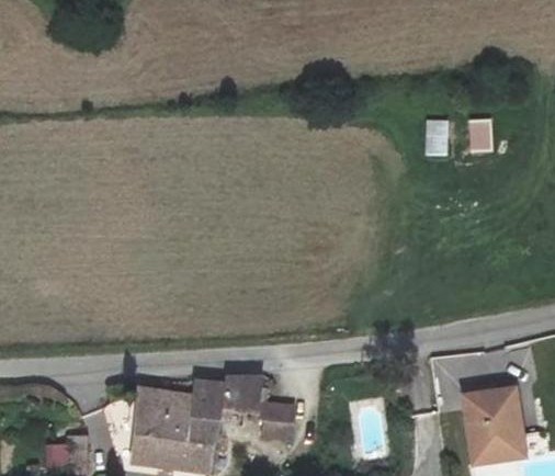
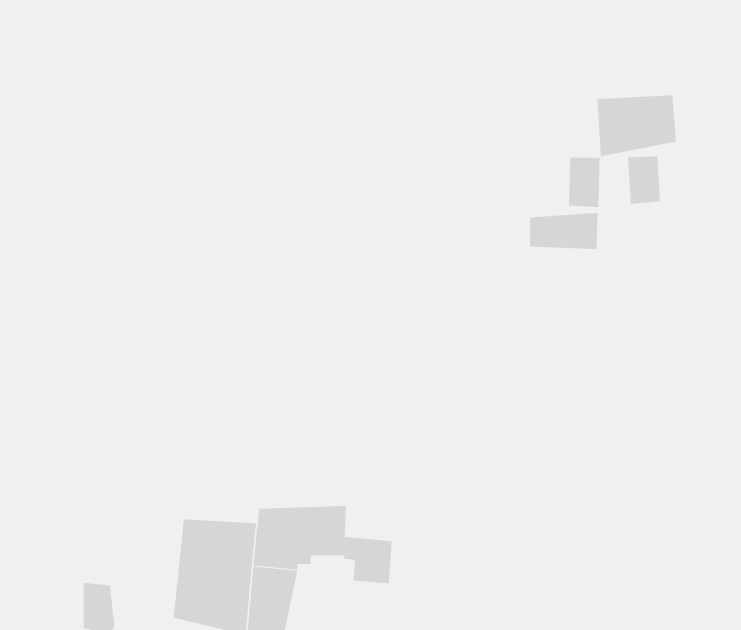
building: none -> [597,95,677,157]
building: none -> [529,212,598,250]
building: [464,389,524,462] -> none

